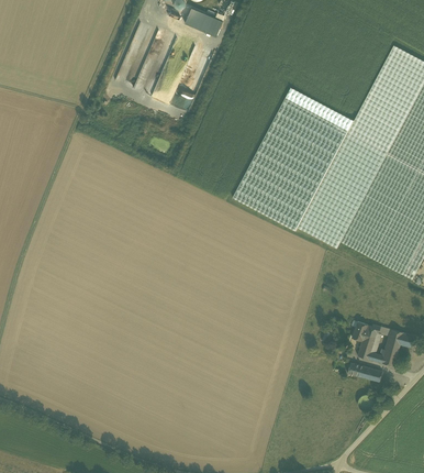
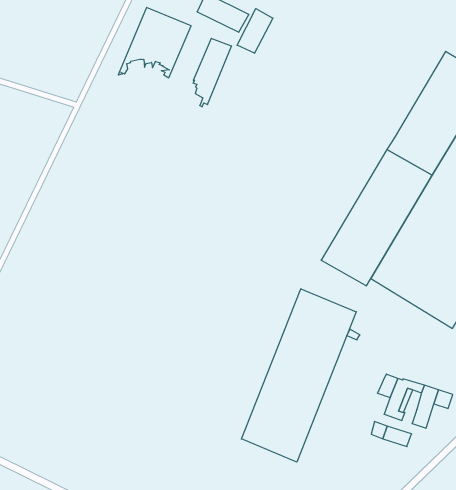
building: none -> [237,9,273,53]
building: [233,87,354,231] -> none
building: none -> [241,289,356,462]

